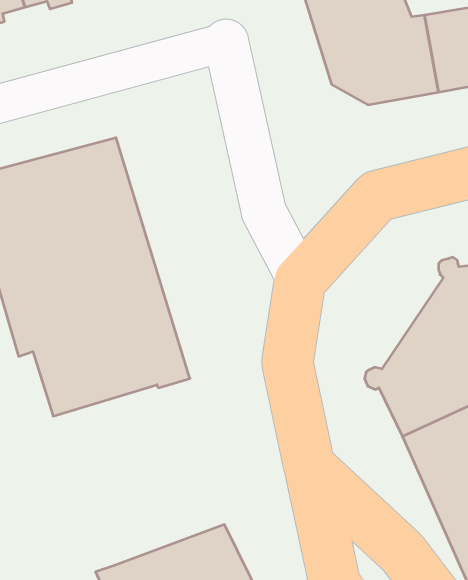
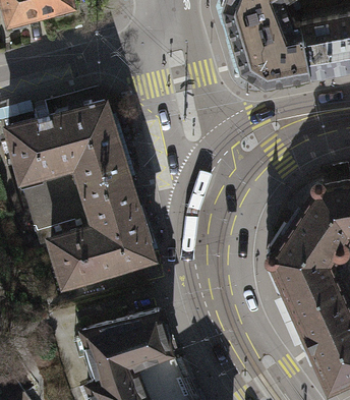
building: none -> [83,309,172,380]

